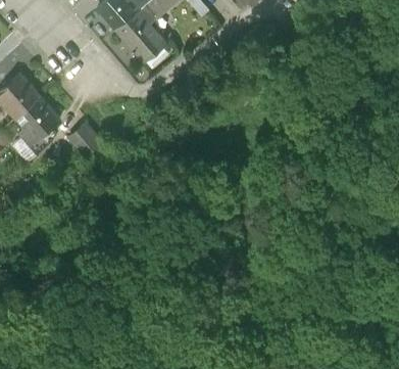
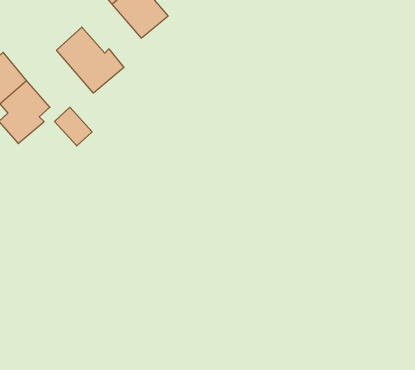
building: none -> [57,27,124,93]

